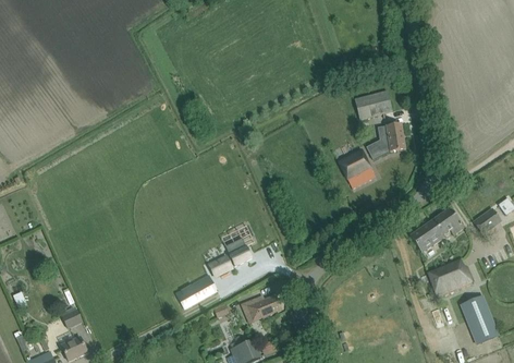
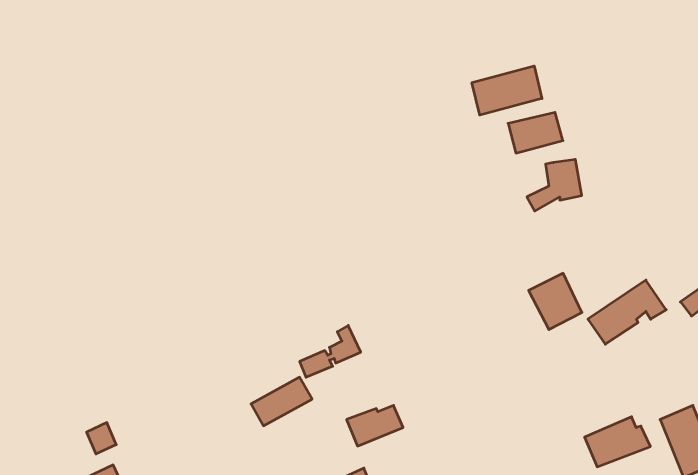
building: none -> [472,66,542,115]
building: [338,148,375,187] -> [529,273,582,330]
building: [427,258,473,293] -> [585,417,650,467]

